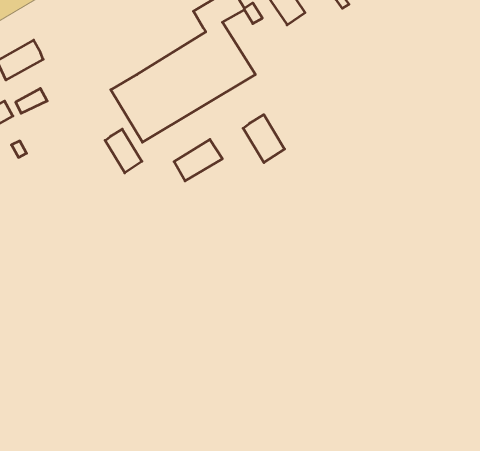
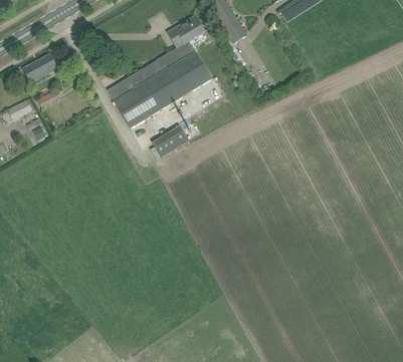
building: [243,115,285,163] -> none
building: [105,129,142,173] -> none

